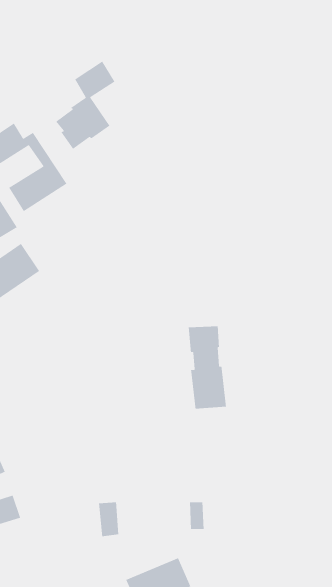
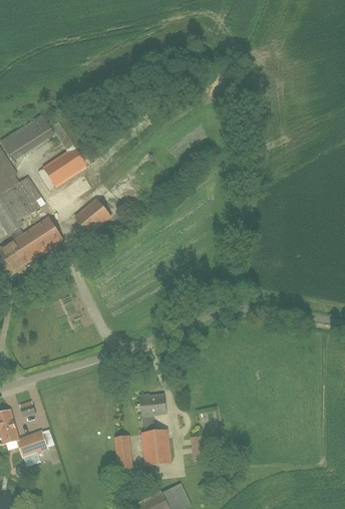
building: [55,61,115,150] -> none
building: none -> [74,198,110,232]
building: [188,326,227,409] -> [139,395,172,466]

